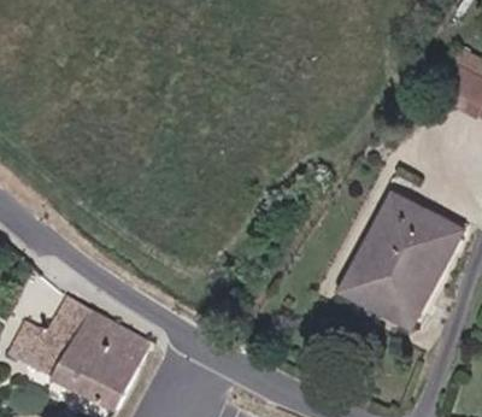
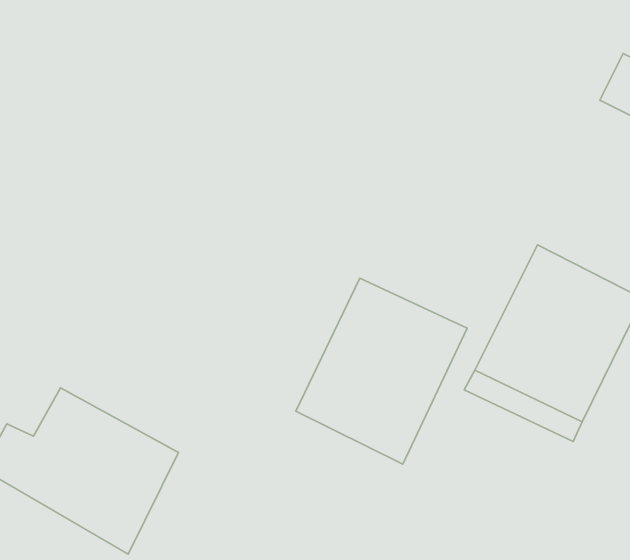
building: none -> [296,278,467,464]

